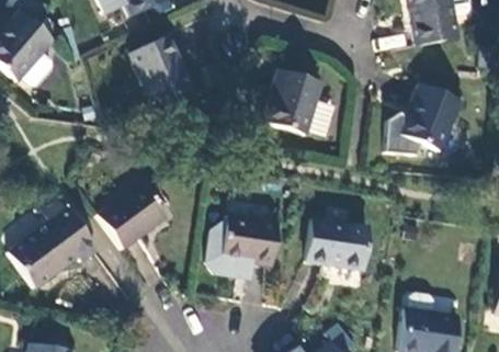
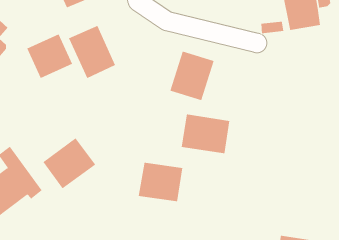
building: none -> [27,33,73,79]
building: [395,83,458,151] -> none
building: [307,218,371,270] -> [181,114,230,154]

